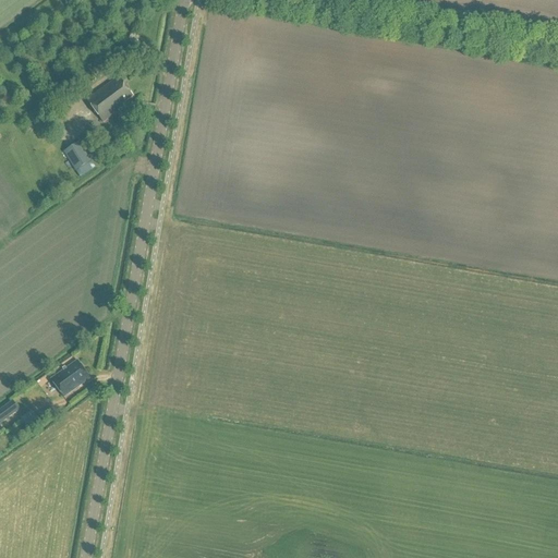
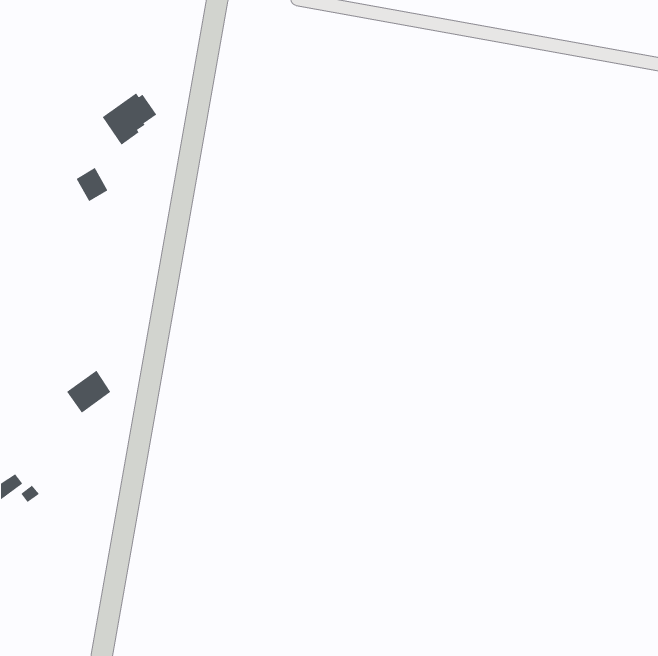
building: [51,360,89,397] -> [66,370,111,414]

